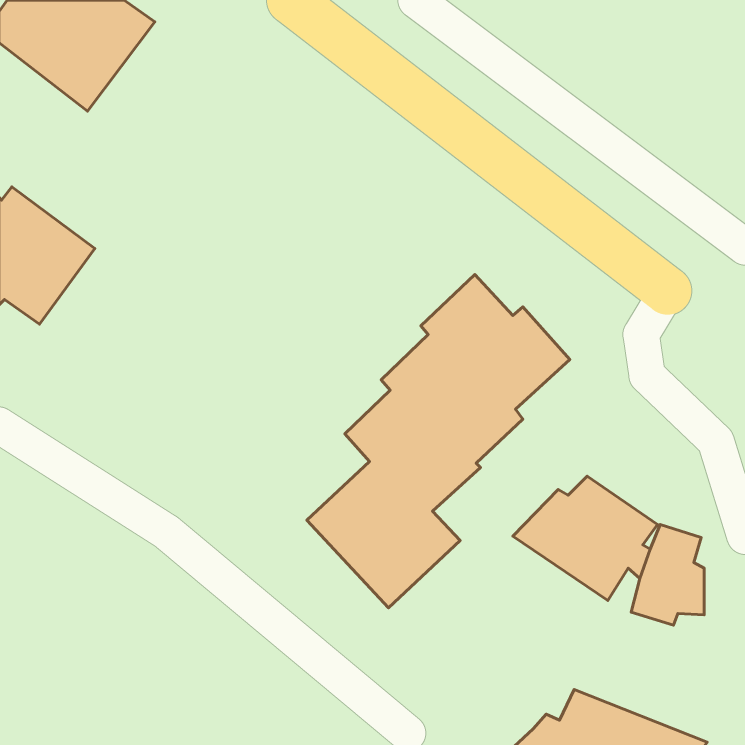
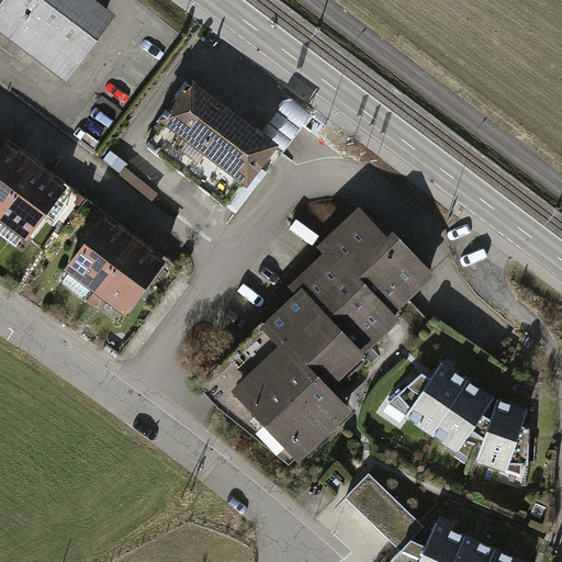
building: none -> [162,83,279,187]
building: none -> [65,218,169,319]
building: none -> [344,471,424,549]

